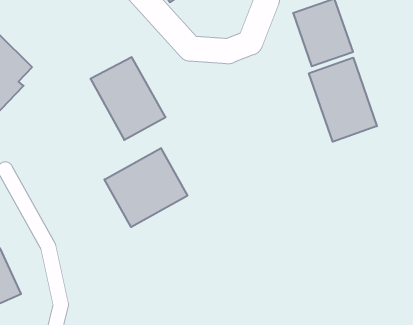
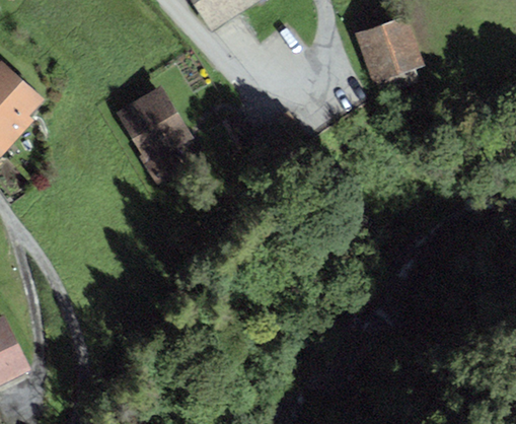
building: [309,58,377,142] -> none
building: [104,148,187,227] -> none

